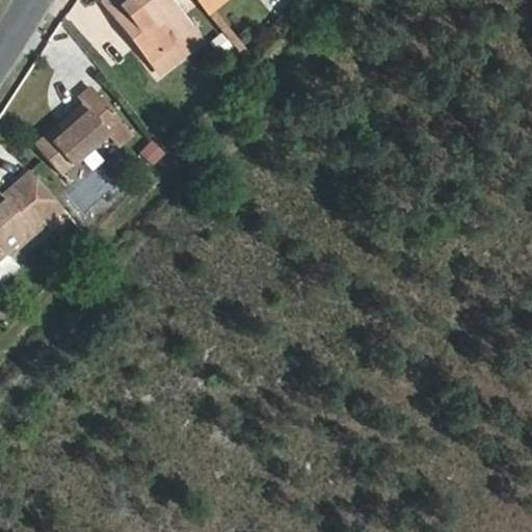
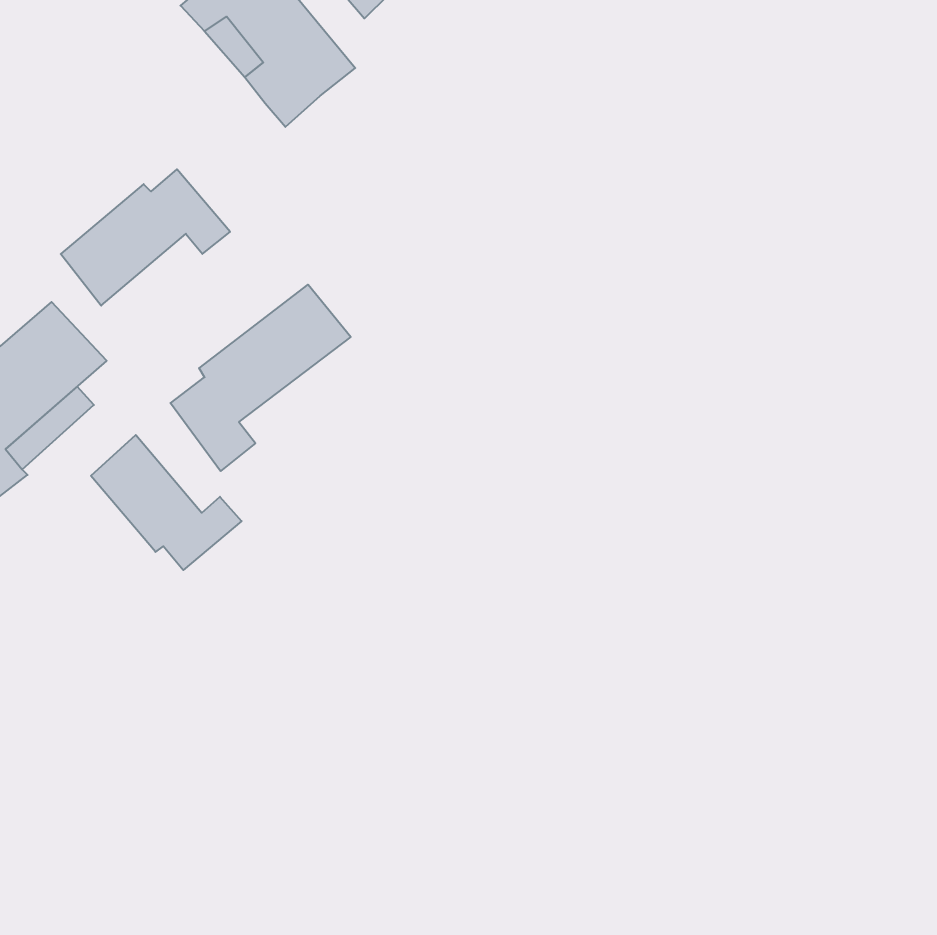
building: none -> [170,285,351,471]
building: none -> [91,435,242,570]

